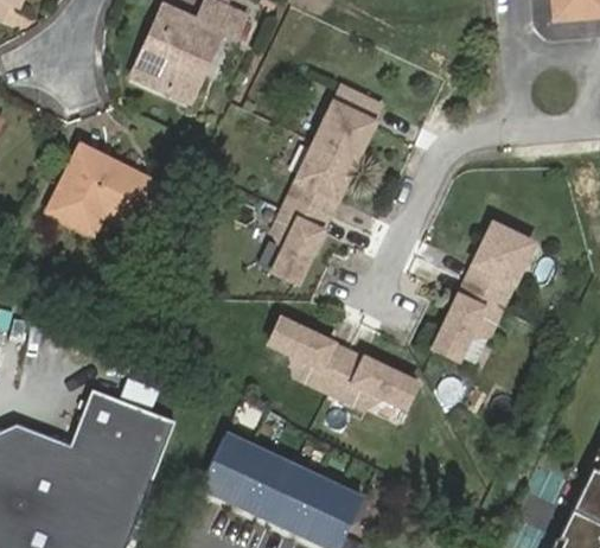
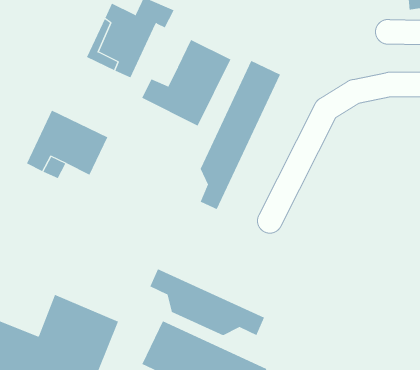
building: none -> [142,39,231,126]
building: [439,223,536,357] -> none
building: [272,319,422,407] -> [149,268,265,336]

